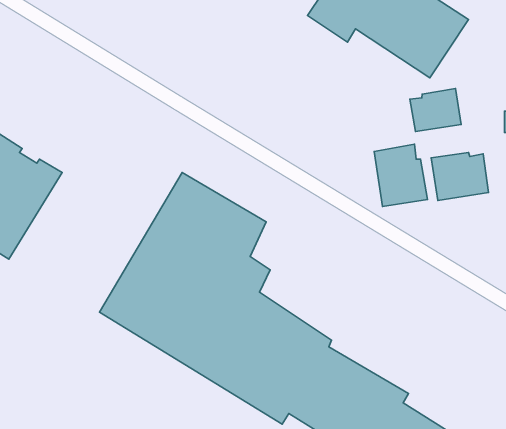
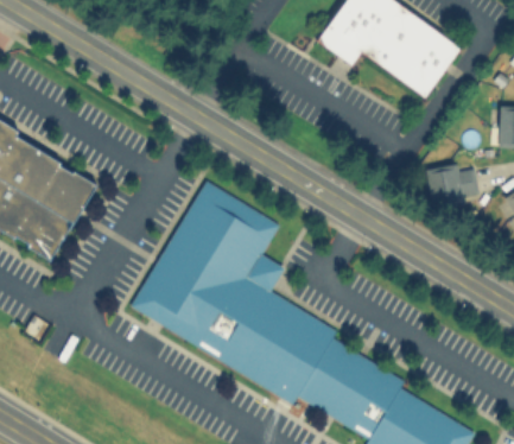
building: [410,89,461,131] -> none
building: [374,144,428,207] -> none

